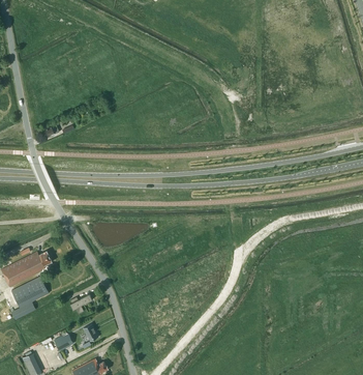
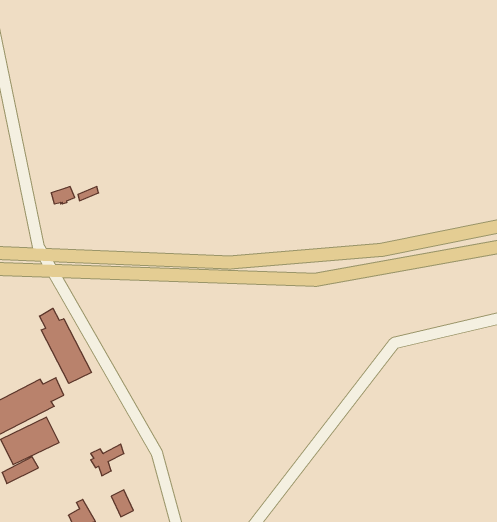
building: none -> [39,308,91,383]

